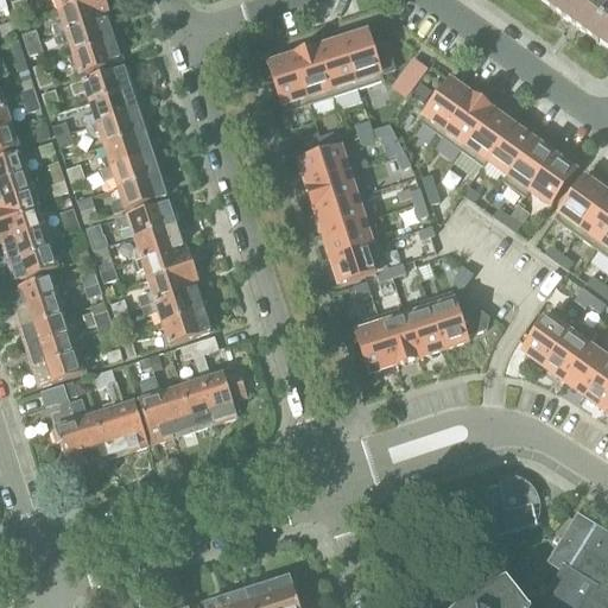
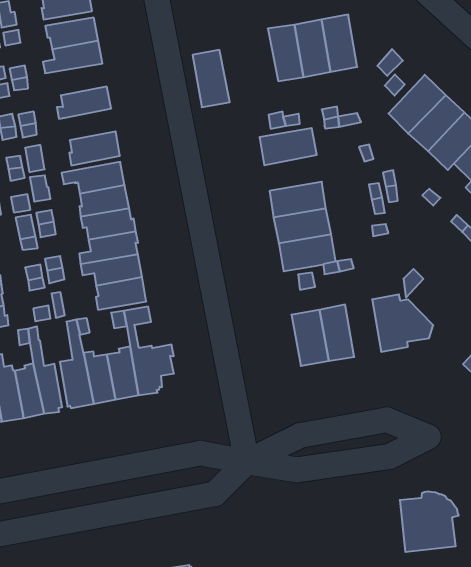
building: [268,53,310,110] -> [193,50,230,107]
building: [87,108,147,144] -> none
building: [100,150,162,185] -> none
building: [308,167,365,208] -> none
building: [403,298,443,355] -> none

